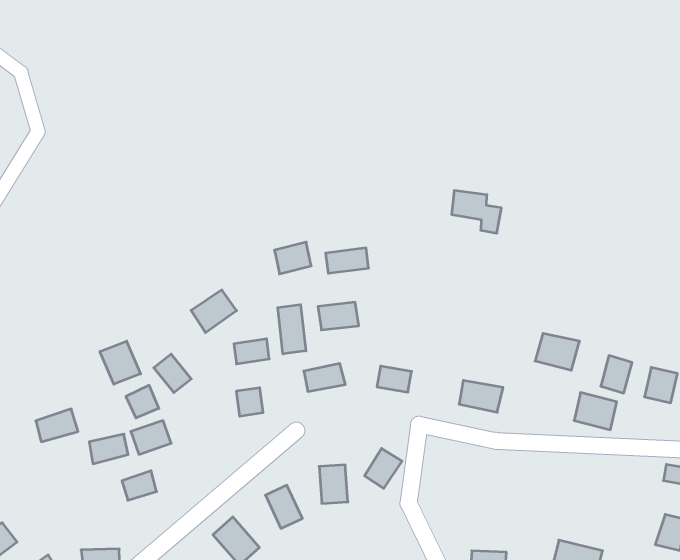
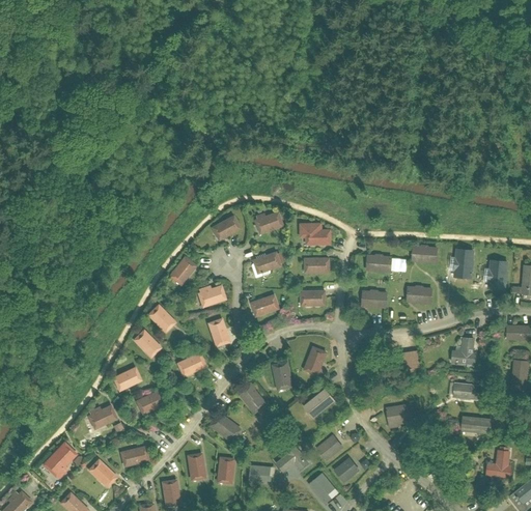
building: [452,191,501,233] -> [300,221,334,246]
building: [278,305,306,354] -> none
building: none -> [303,256,332,274]
building: none -> [366,255,394,272]
building: [100,341,141,384] -> none
building: [574,393,617,430] -> [407,284,434,306]
building: [36,409,78,442] -> [85,403,115,429]
building: [131,421,171,454] -> [178,351,207,377]
building: none -> [452,348,477,369]
building: none -> [303,389,335,418]

